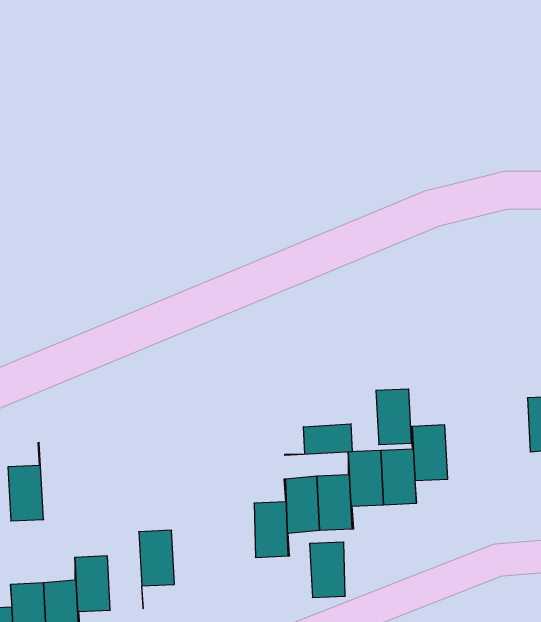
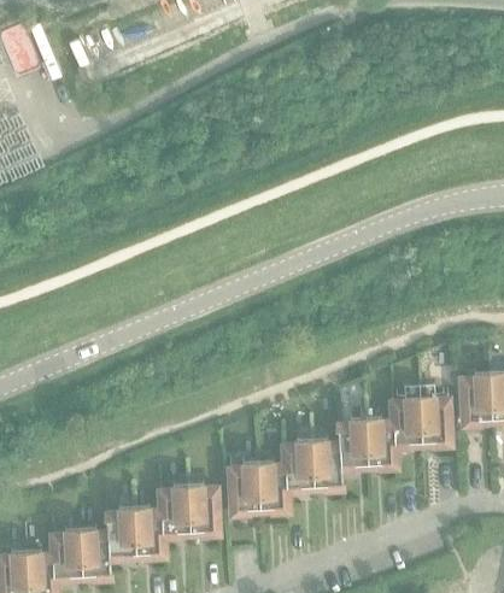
building: [376,389,412,445] -> [418,397,449,444]
building: none -> [459,375,491,422]
building: [285,424,352,455] -> none
building: [8,443,44,521] -> [133,488,163,554]
building: none -> [187,486,217,533]
building: [310,542,345,598] -> [228,464,258,511]

